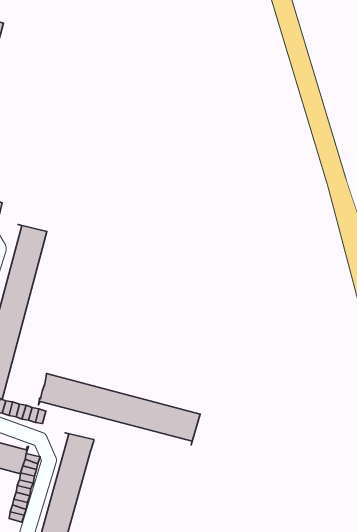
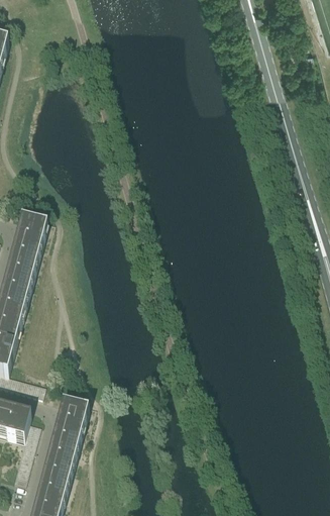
building: [39,373,200,445] -> none

